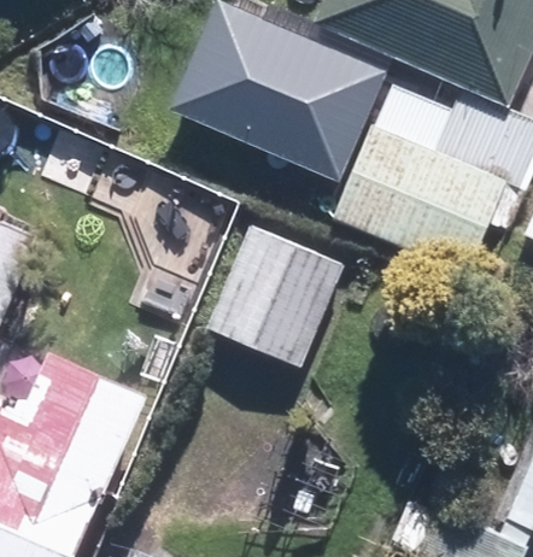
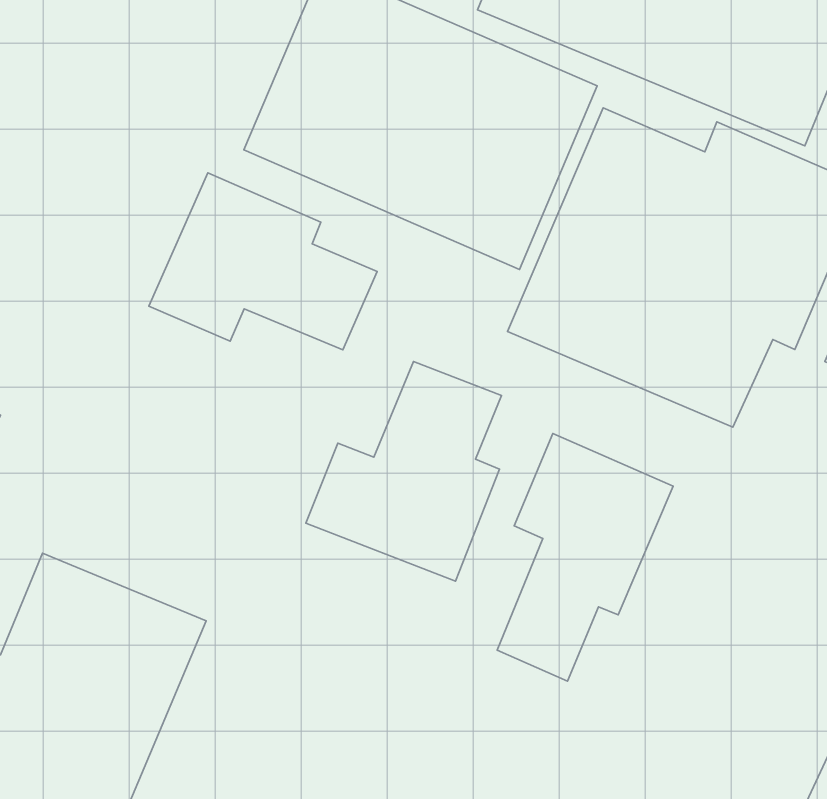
building: none -> [149,173,377,350]
building: none -> [497,434,673,681]

